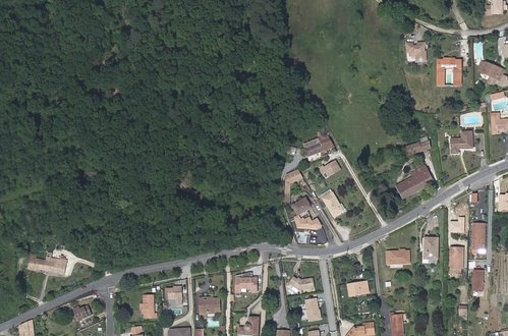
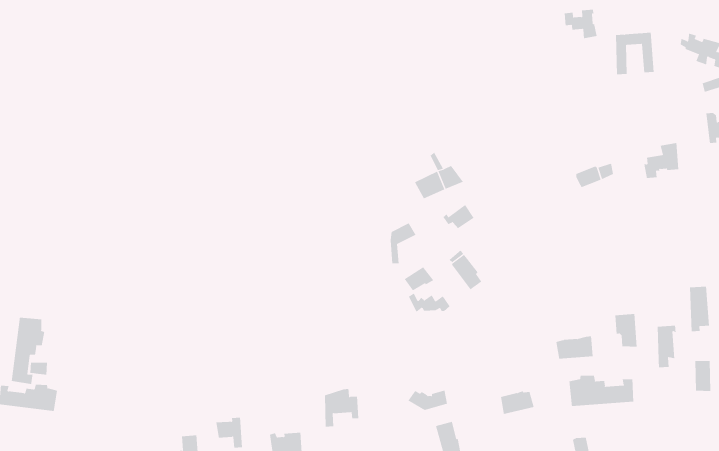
building: [395,165,433,198] -> none
building: none -> [11,317,45,385]
building: none -> [569,375,634,407]

